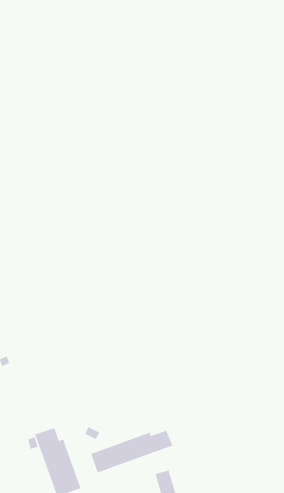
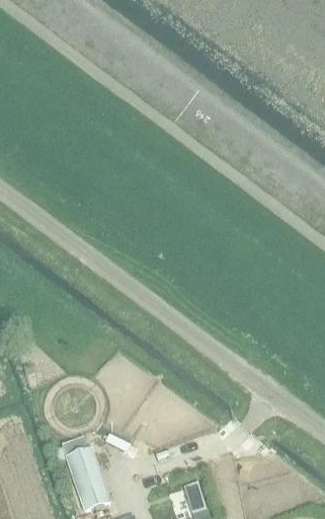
building: [90,430,174,474] -> none

